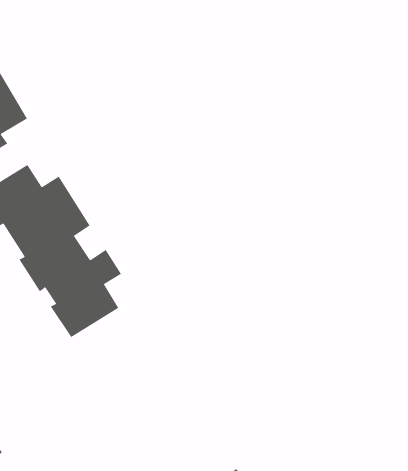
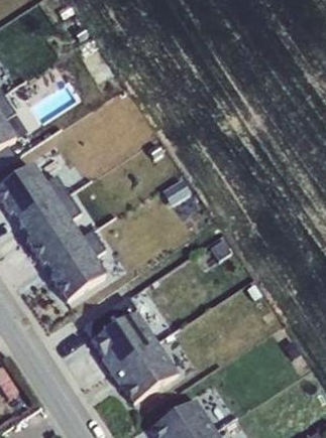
building: none -> [92,312,172,398]

